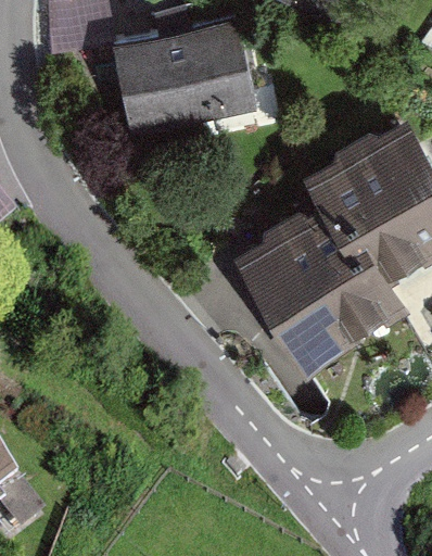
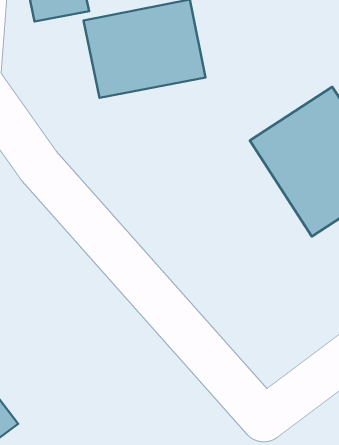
building: [231,203,393,375] -> none

